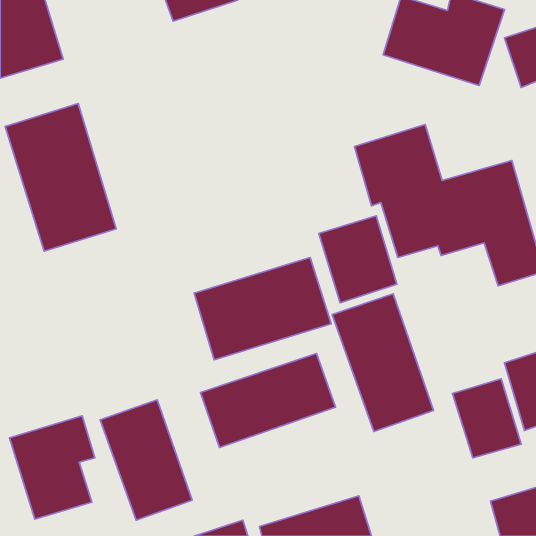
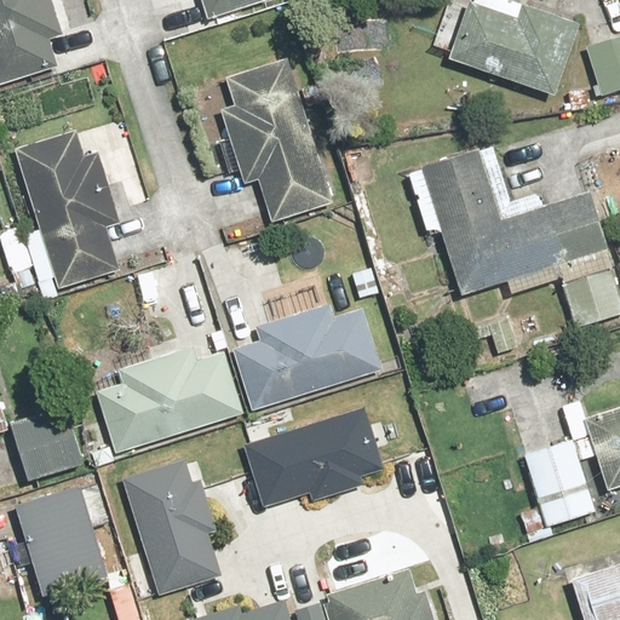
building: none -> [209,62,337,218]
building: [319,216,397,303] -> none
building: none -> [90,337,241,454]
building: [332,294,434,432] -> none
building: none -> [10,404,84,483]

